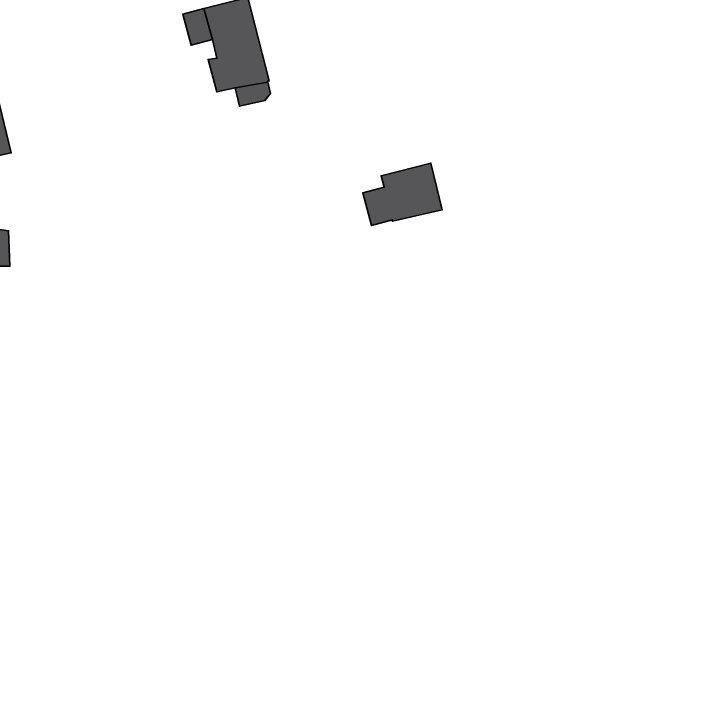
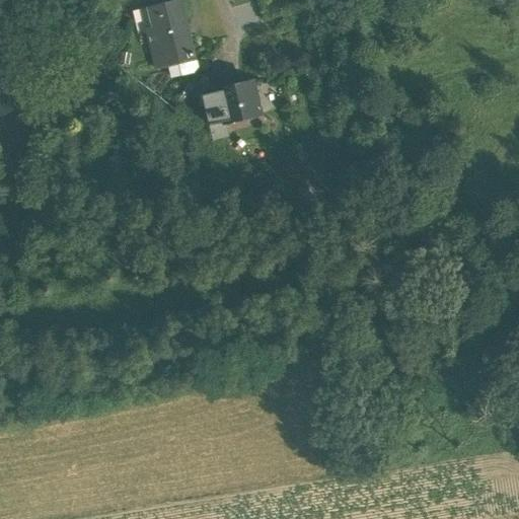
building: [363,163,442,225] -> [203,79,260,124]

